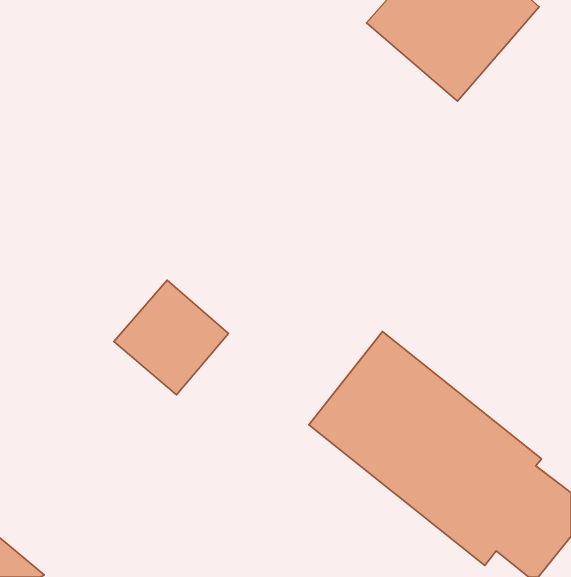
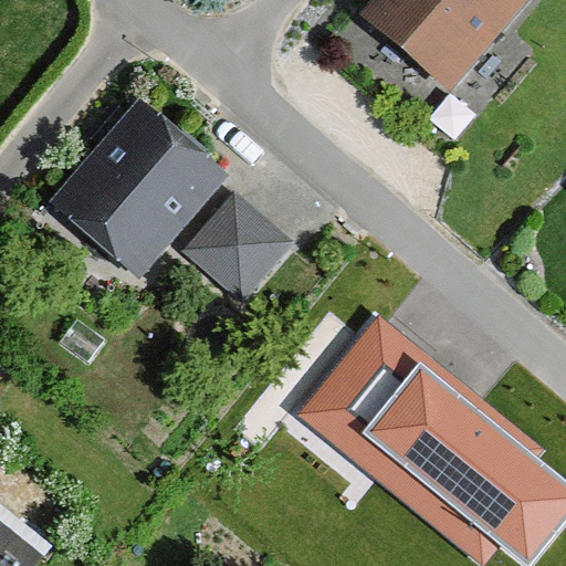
building: none -> [50,97,230,279]
building: [114,280,229,395] -> [181,190,293,302]

